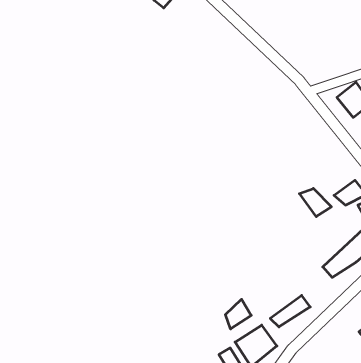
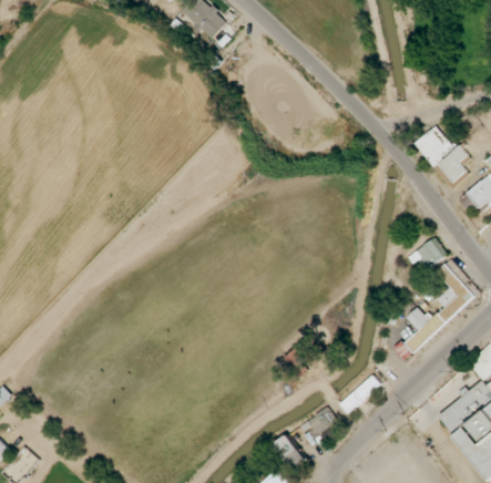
building: [299,188,331,217] -> none
building: [225,299,251,329] -> none

